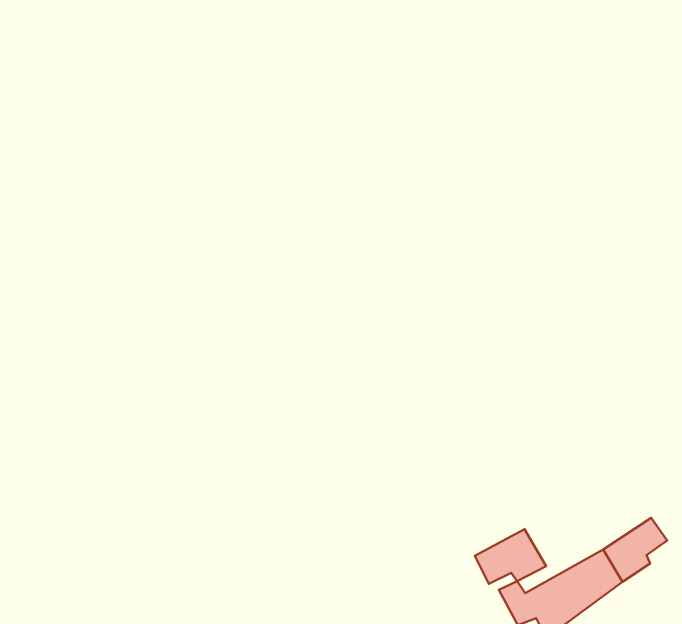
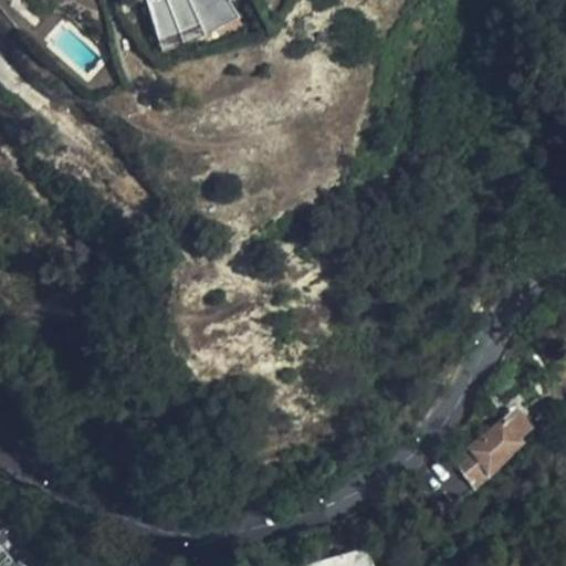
building: [475,529,546,584] -> none

